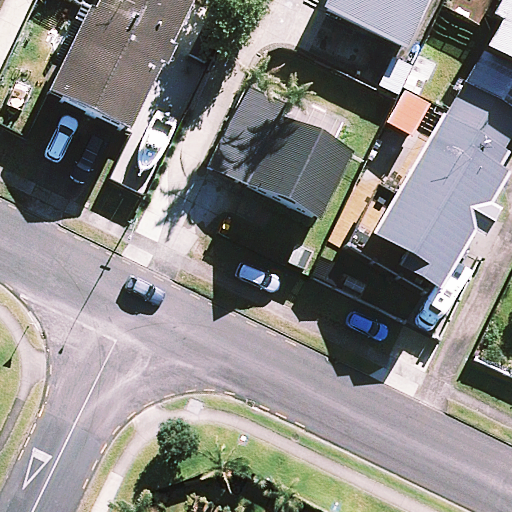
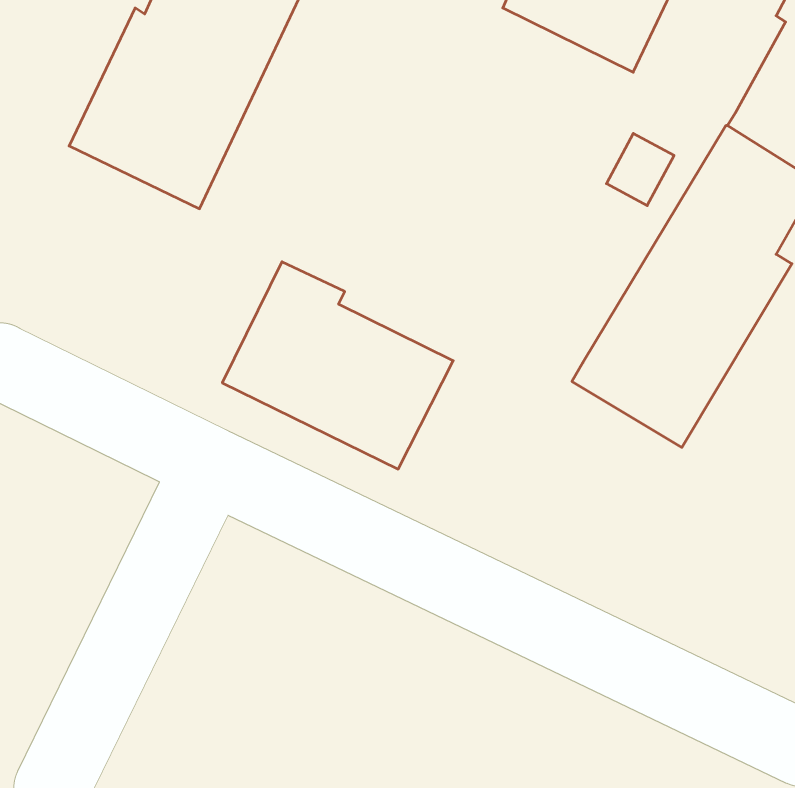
building: [209,86,356,218] -> [222,262,453,469]

